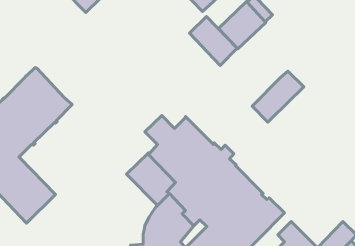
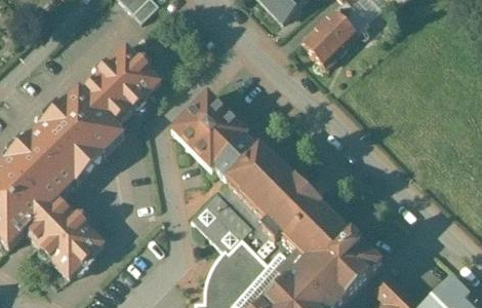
building: [189,17,237,65] -> none
building: none -> [81,44,161,124]
building: [252,71,304,122] -> none
building: none -> [171,93,245,167]

